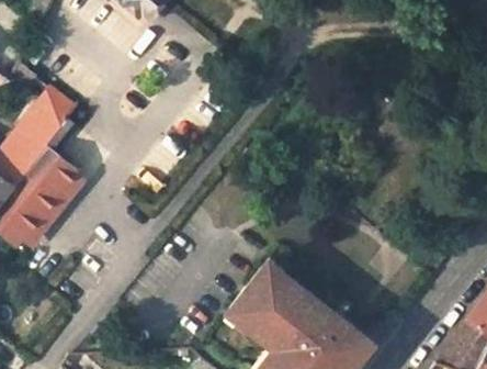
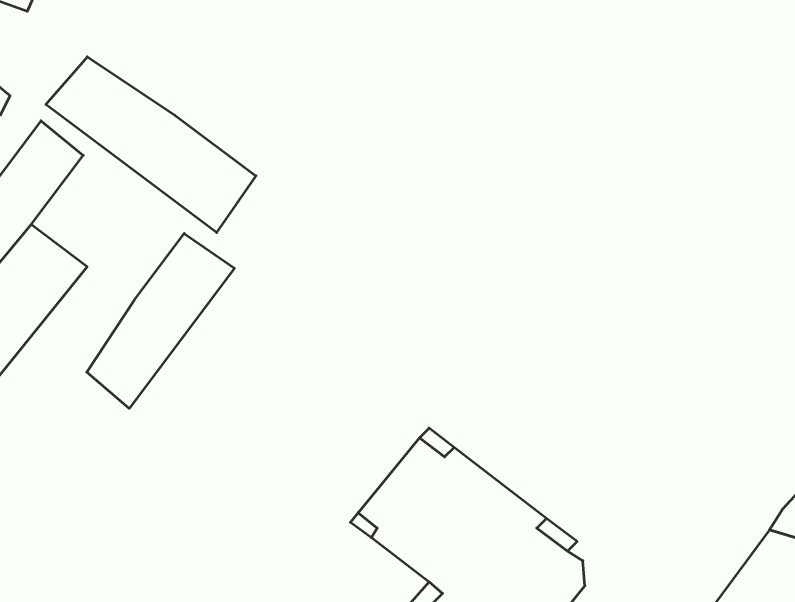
building: none -> [46,57,256,233]
building: none -> [87,233,234,408]

